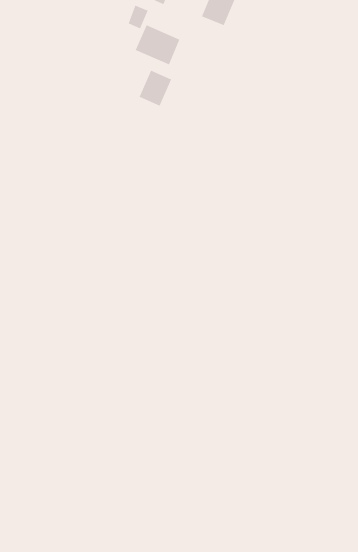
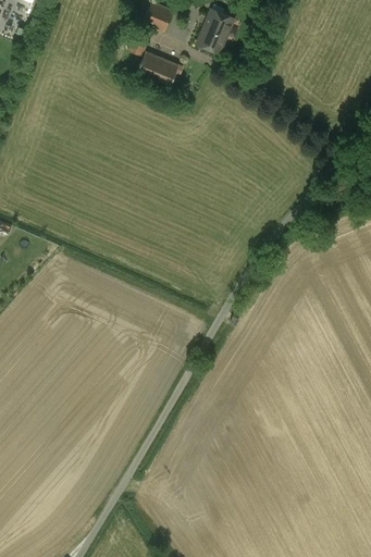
building: [139,70,172,107] -> none

